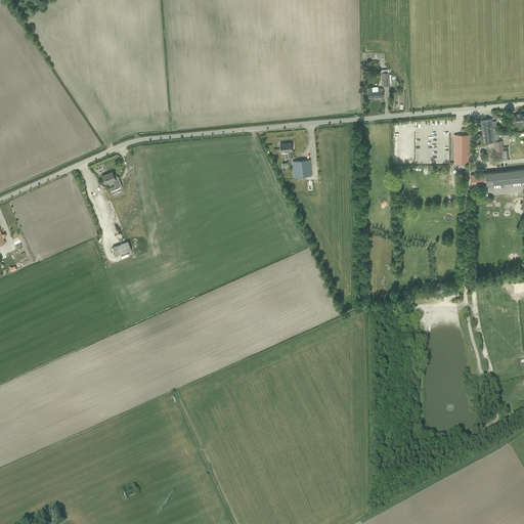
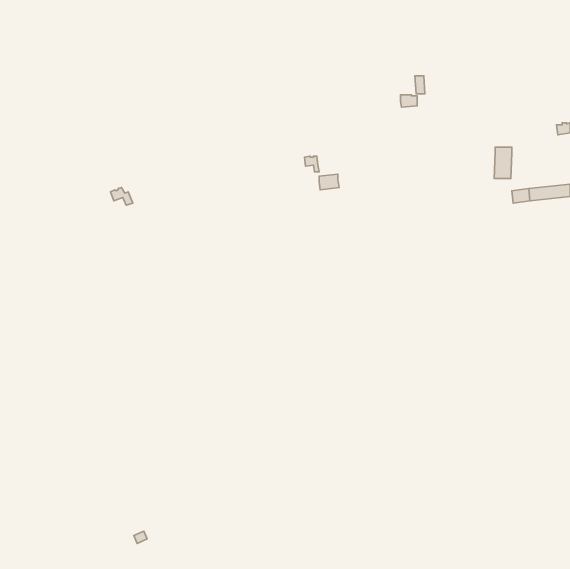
building: [481,121,504,162] -> none

